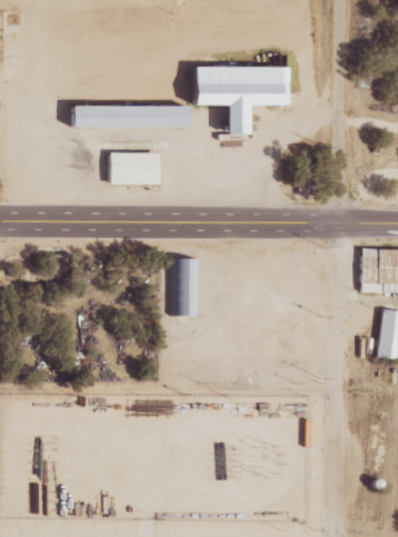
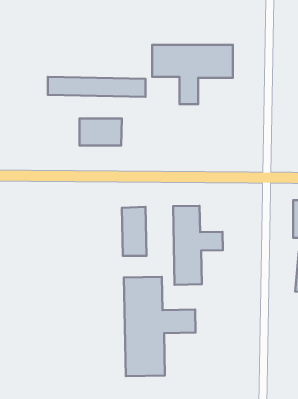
building: none -> [173,206,223,285]
building: none -> [124,277,195,376]

